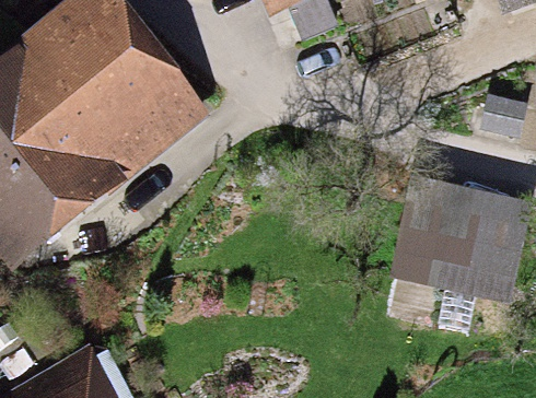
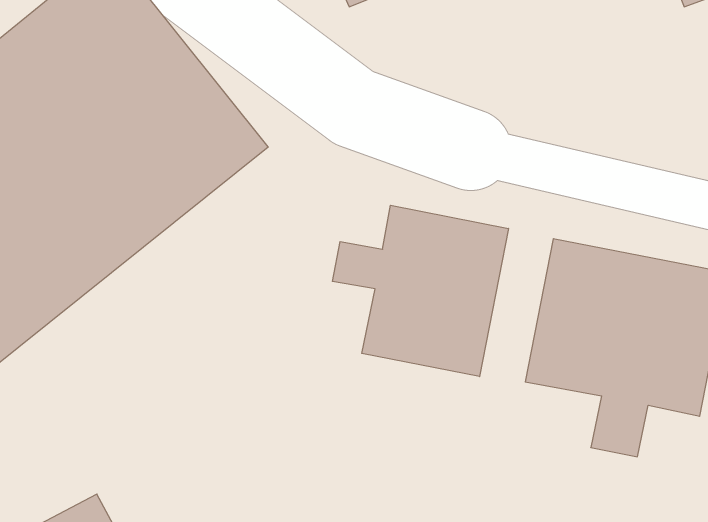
building: none -> [332,205,508,377]

